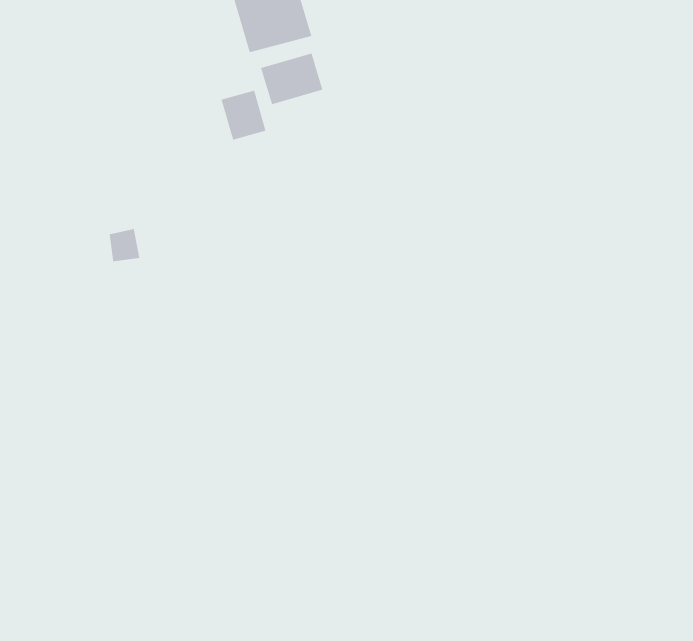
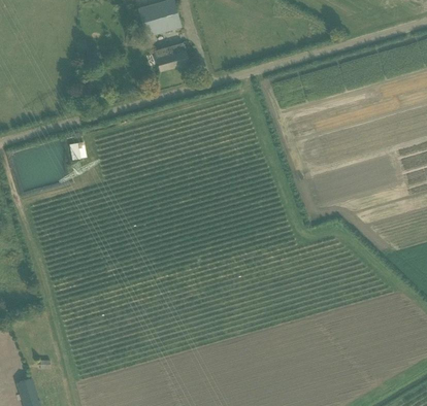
building: [221,90,266,140] -> none

